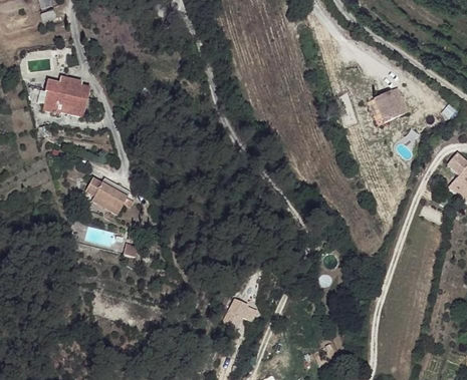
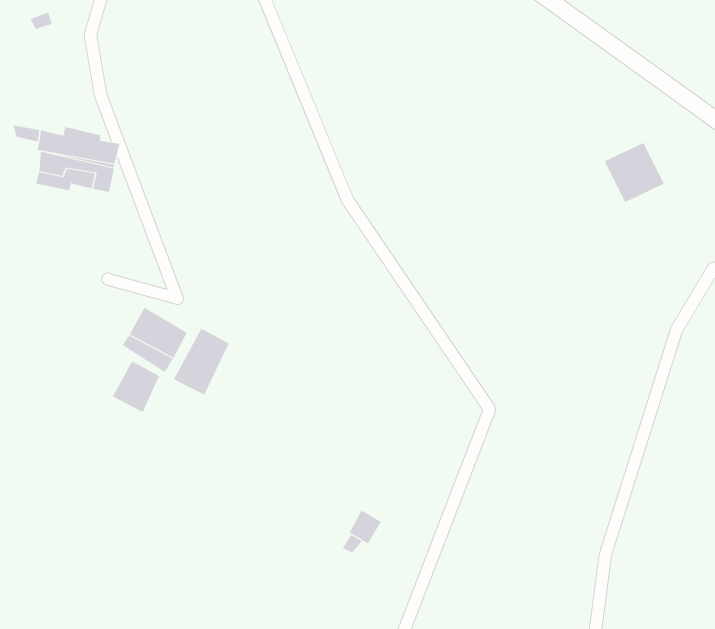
building: none -> [173,328,230,396]
building: none -> [112,361,160,413]

